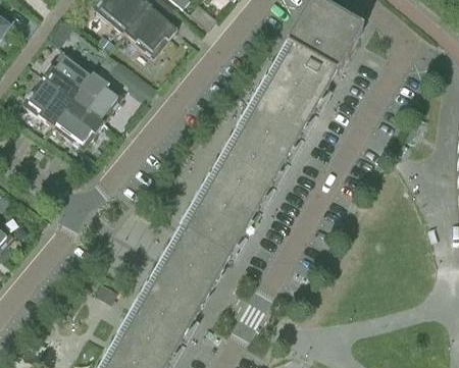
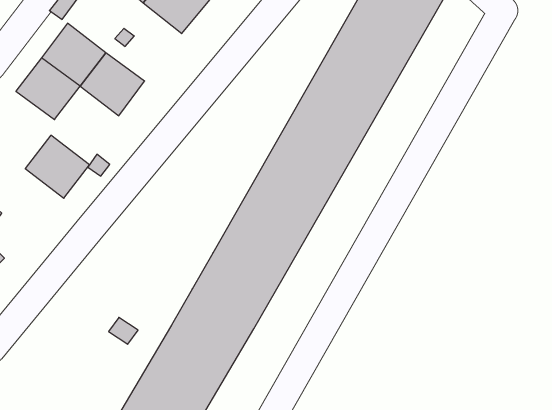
building: [51,99,102,149] -> [25,135,90,198]

